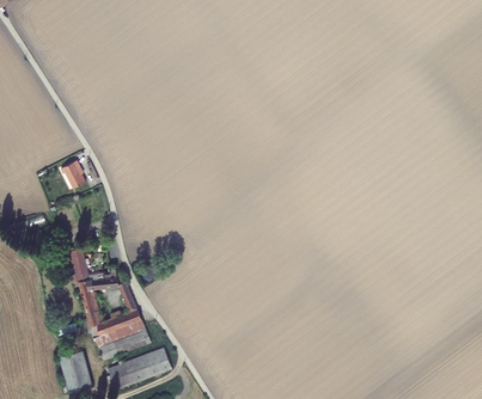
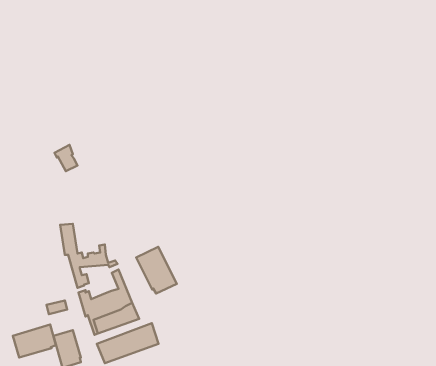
building: none -> [136,247,177,294]
building: none -> [13,325,56,357]

